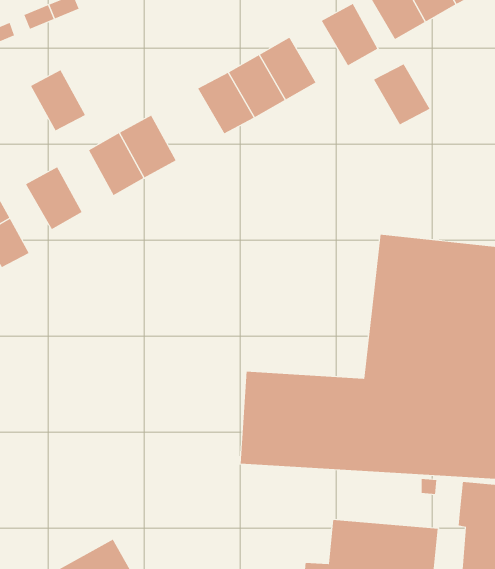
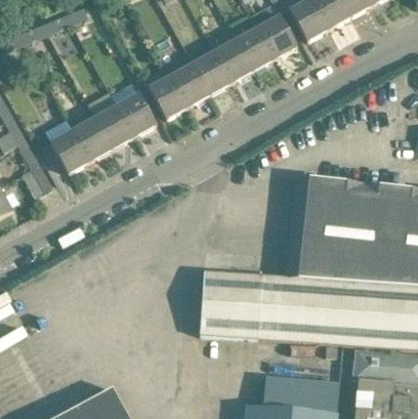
building: [373,63,431,125] -> [235,27,275,70]
building: [30,70,86,131] -> [73,117,112,160]
building: none -> [149,74,189,118]

